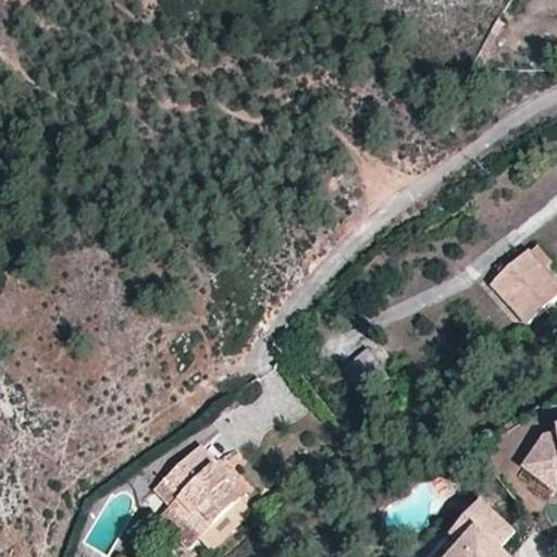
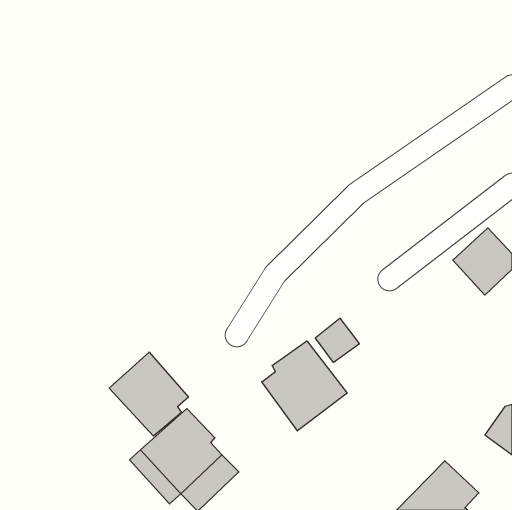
building: none -> [262,341,347,431]
building: none -> [109,352,189,436]

